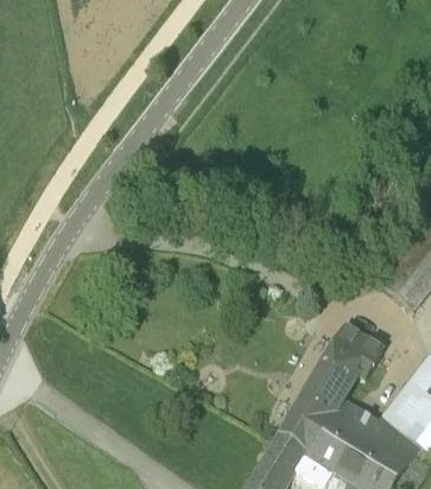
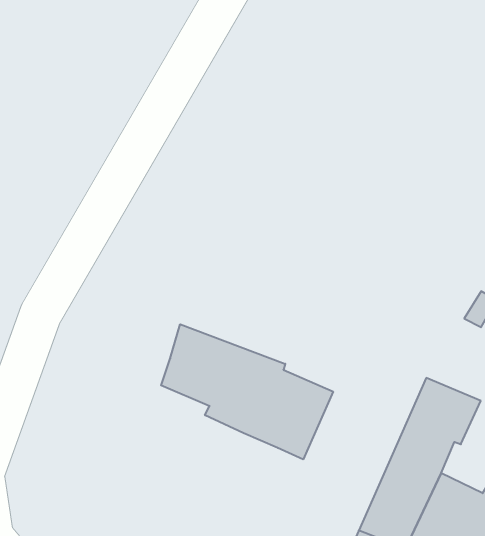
building: none -> [161,324,333,459]

